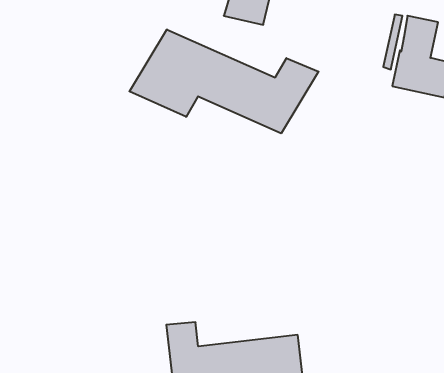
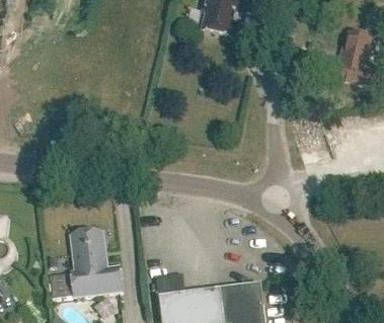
building: [129,29,319,133] -> none
building: none -> [48,229,121,296]

